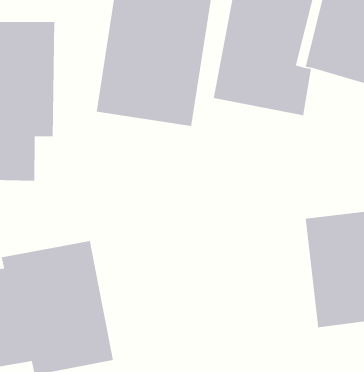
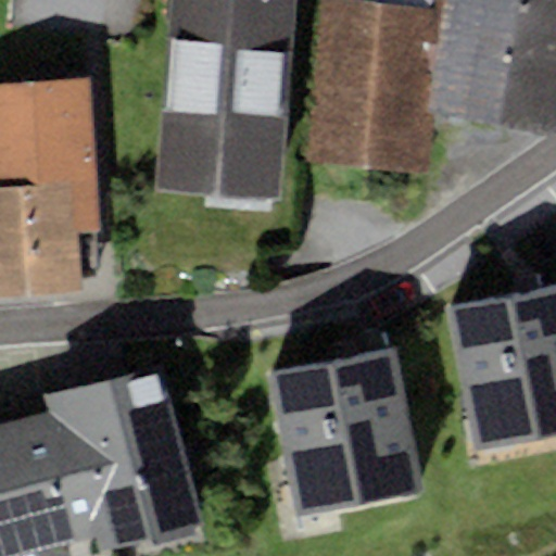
building: none -> [269,349,424,515]

